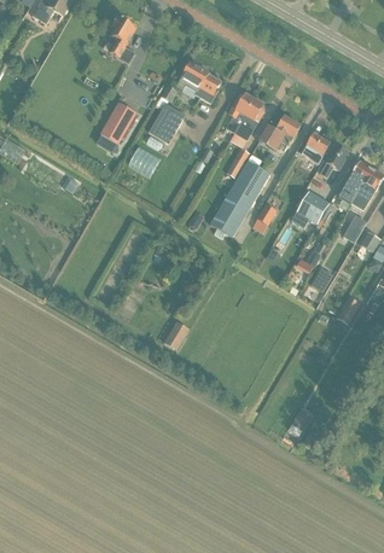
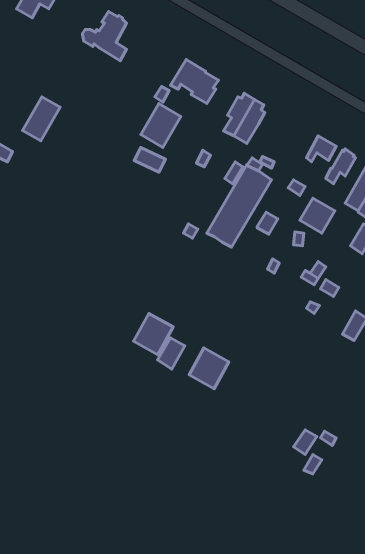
building: [100,103,135,144] -> [23,97,60,141]
building: [257,116,299,152] -> none
building: none -> [133,313,173,355]
building: none -> [189,348,229,389]

